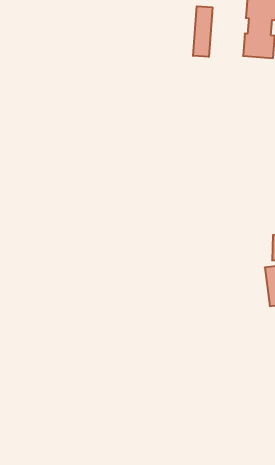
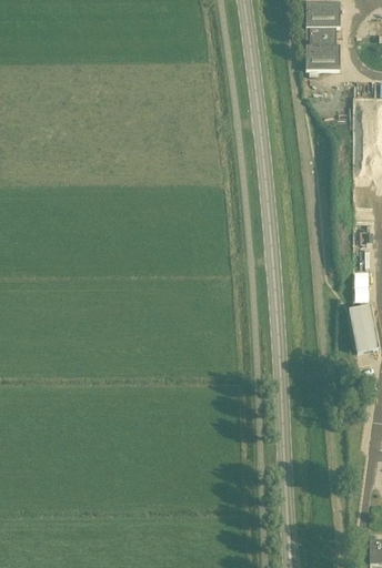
building: [193,6,212,57] -> none

